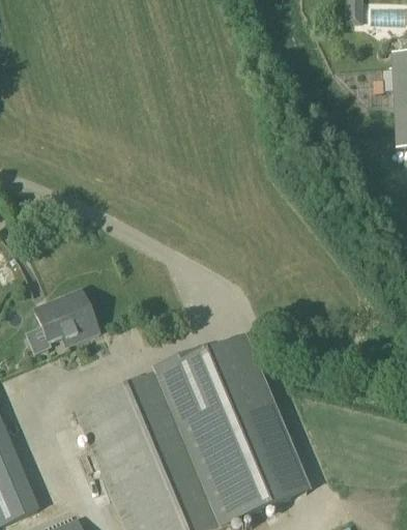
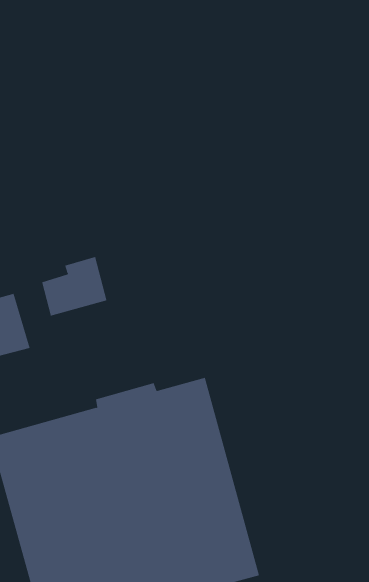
building: none -> [41,256,107,316]

